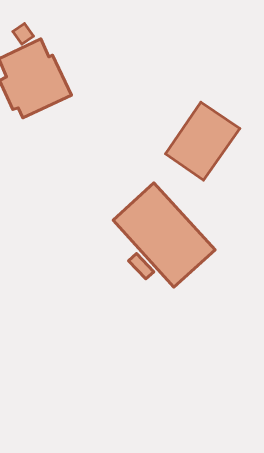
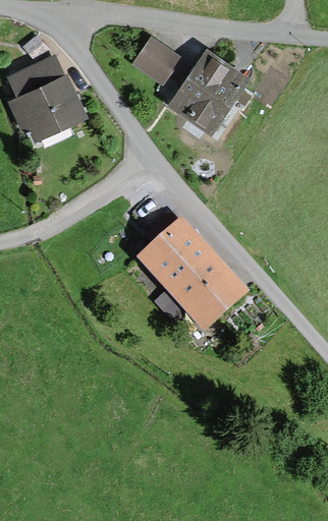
building: none -> [130,36,181,85]
building: [166,102,240,180] -> [167,47,251,134]

